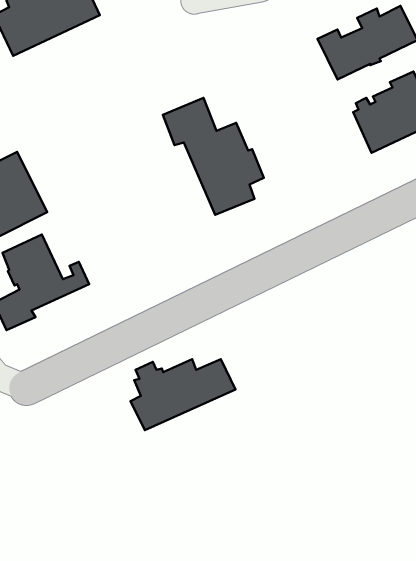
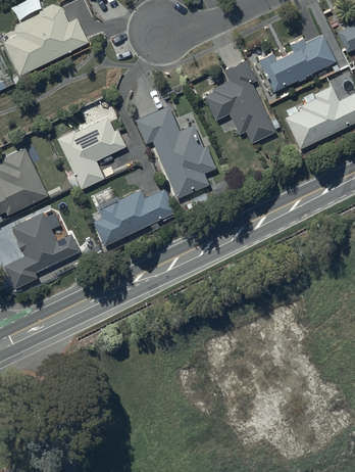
building: none -> [203,59,274,143]
building: none -> [57,116,126,190]
building: [130,359,235,430] -> [94,189,175,244]

